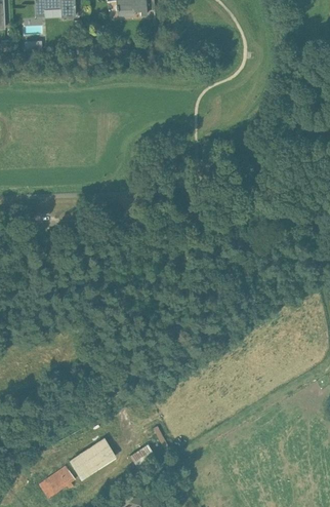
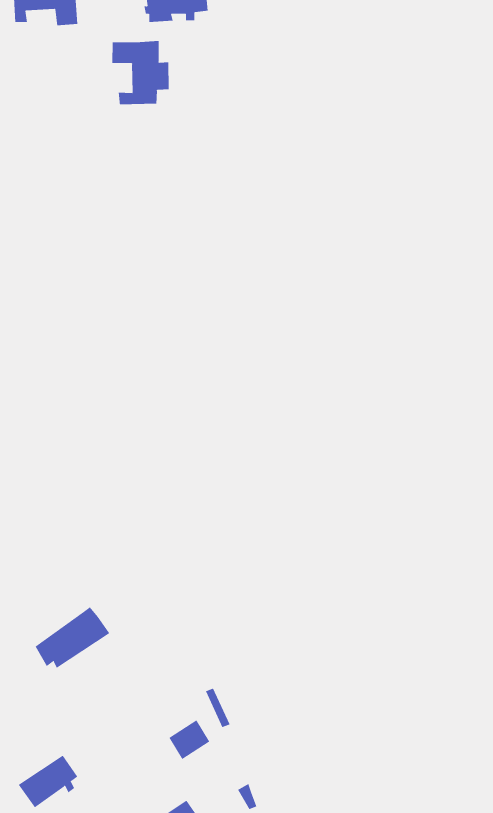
building: none -> [112,40,169,105]
building: [70,437,116,475] -> [35,607,110,668]

